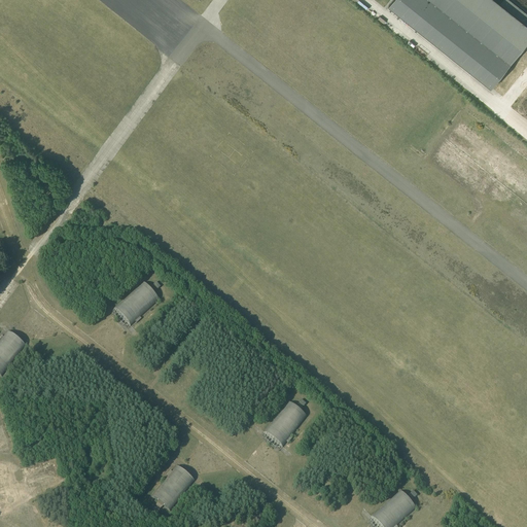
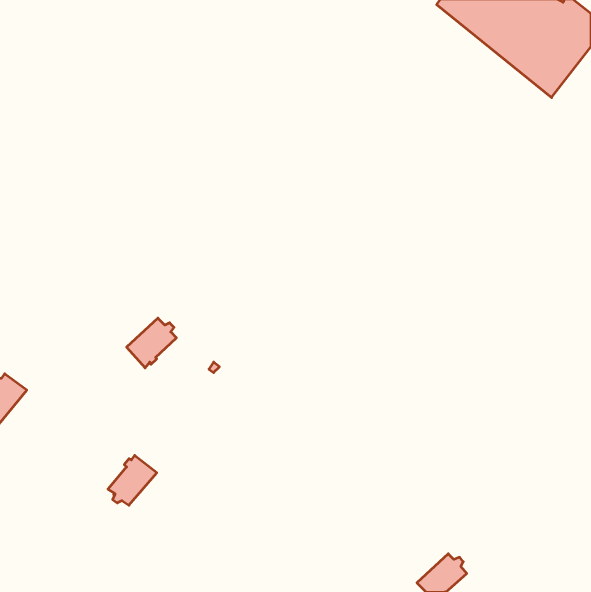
building: [261,401,305,447] -> none
building: [149,466,192,511] -> [108,455,157,505]

